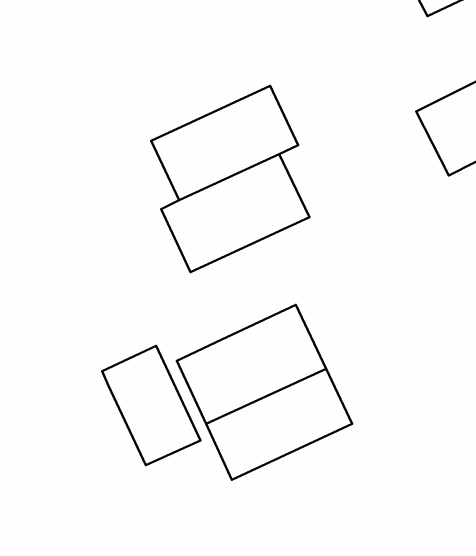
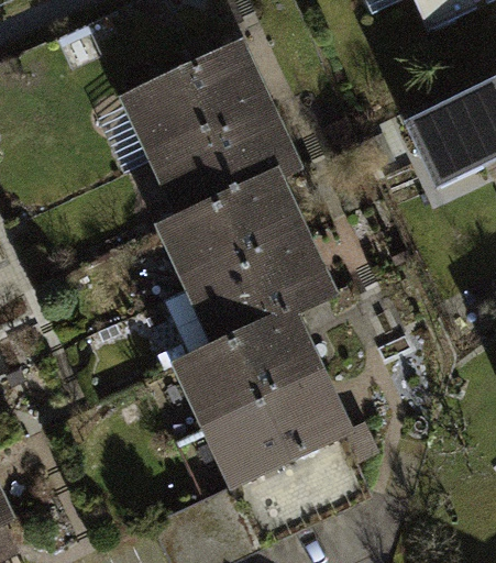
building: none -> [126,46,267,152]
building: none -> [189,227,337,346]
building: [102,346,200,465] -> none

